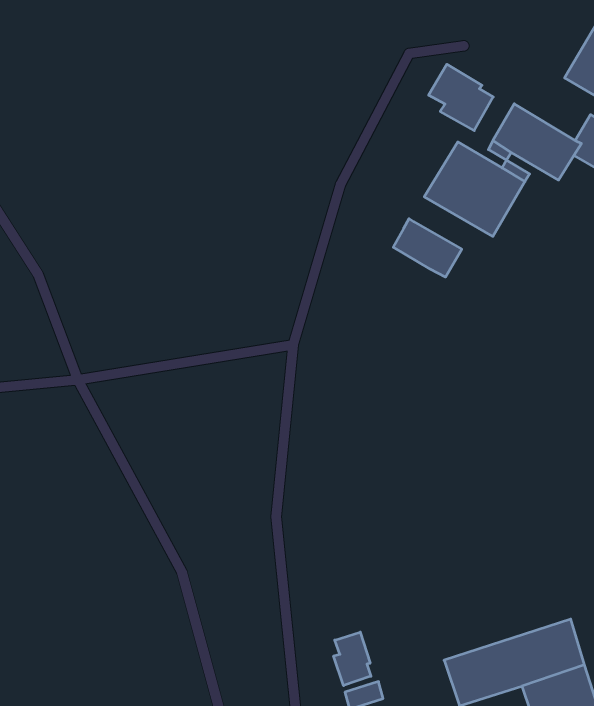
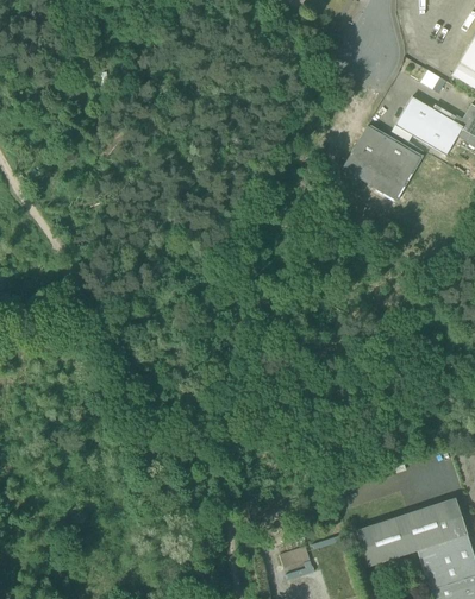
building: [429,64,493,131] -> none
building: [393,219,462,277] -> none
building: [334,632,371,686] -> none

